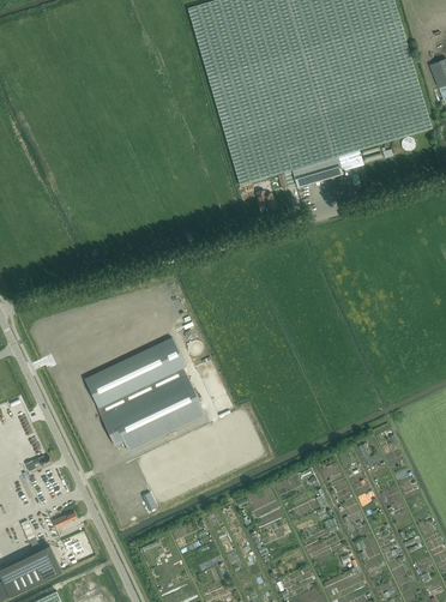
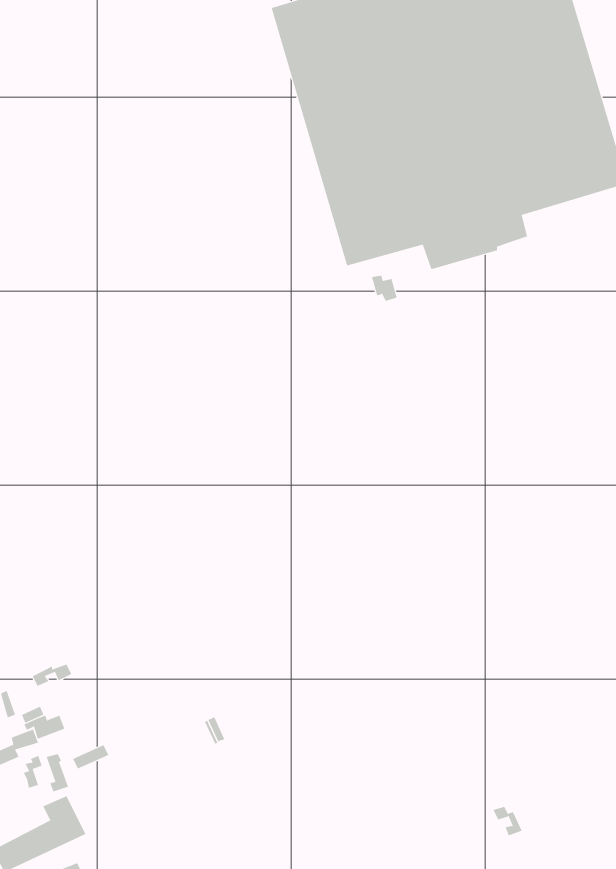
building: [84,337,205,451] -> none

